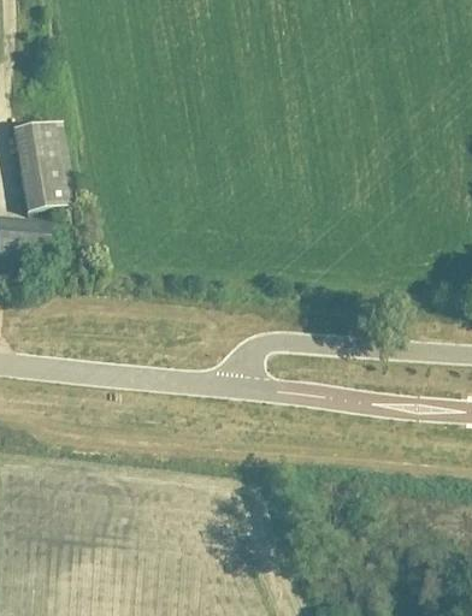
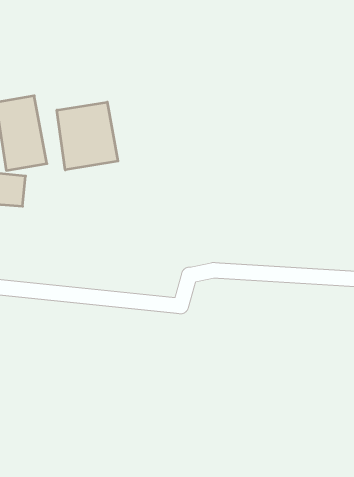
building: none -> [57,102,118,170]

